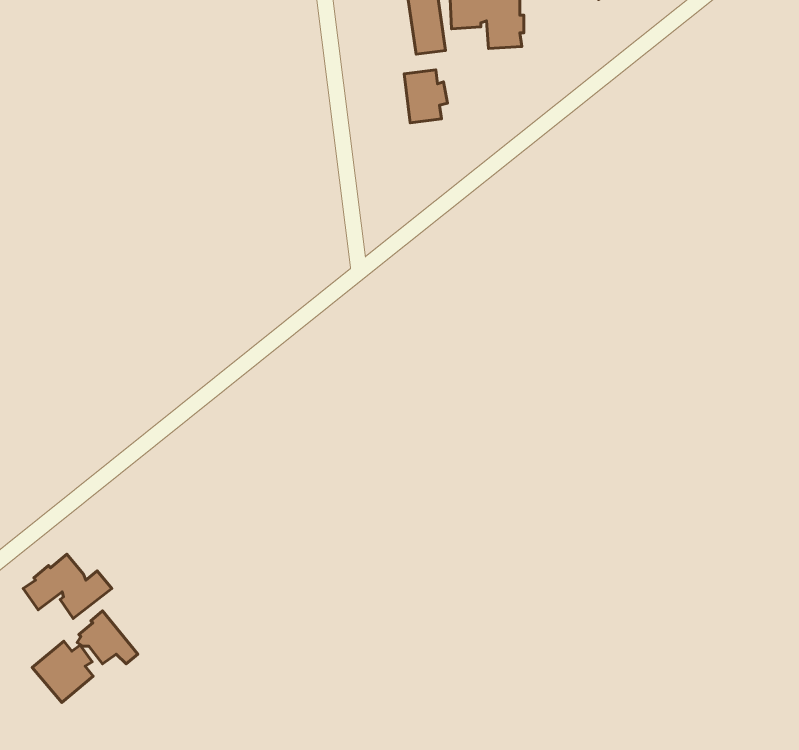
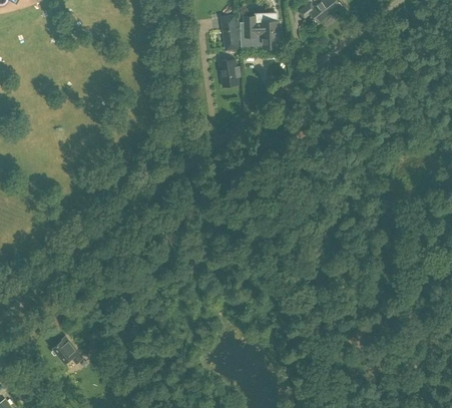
building: [23,554,112,619] -> none
building: [32,641,93,702] -> none

